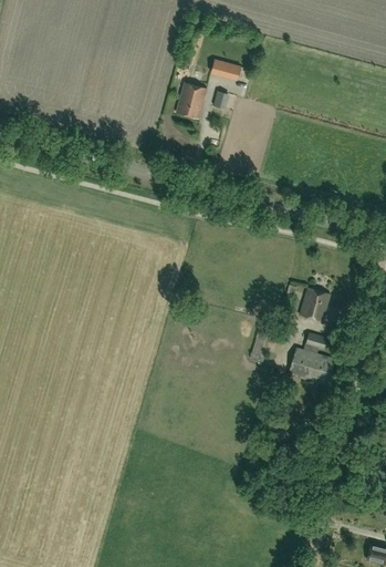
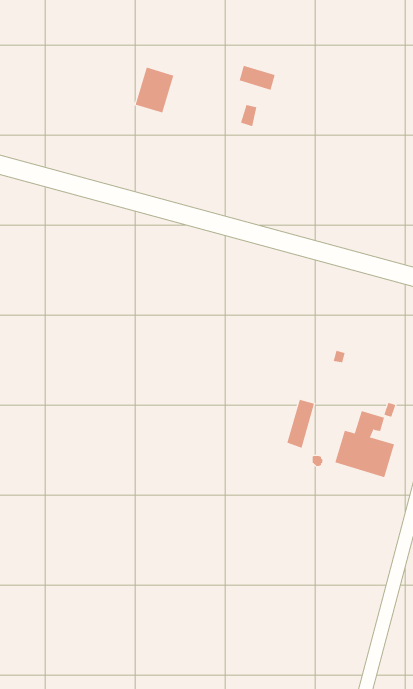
building: [176,82,207,118] -> [135,67,174,113]
building: [300,287,330,321] -> none

